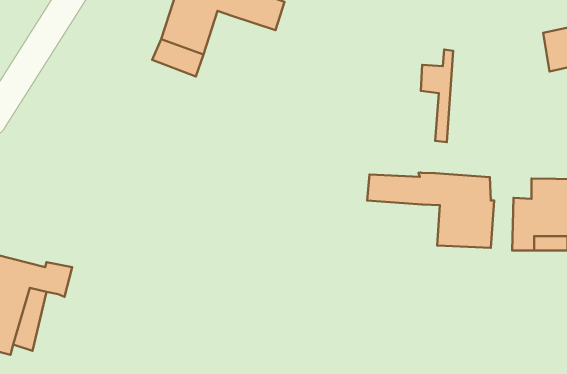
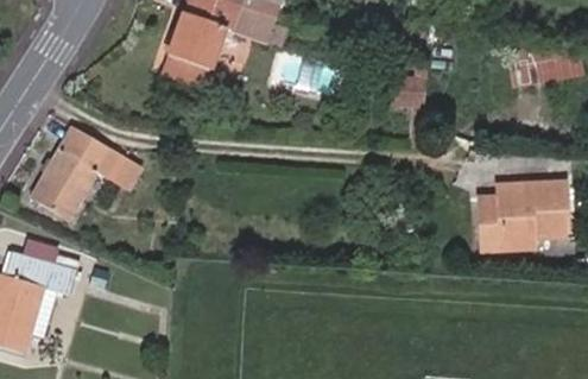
building: none -> [34,133,128,222]
building: [367,172,494,248] -> none

